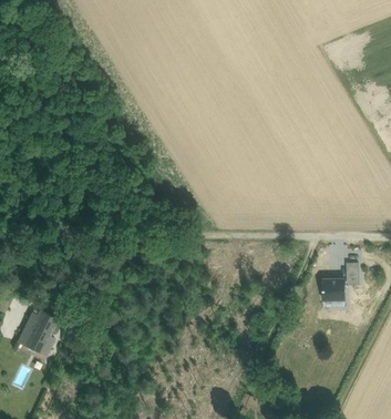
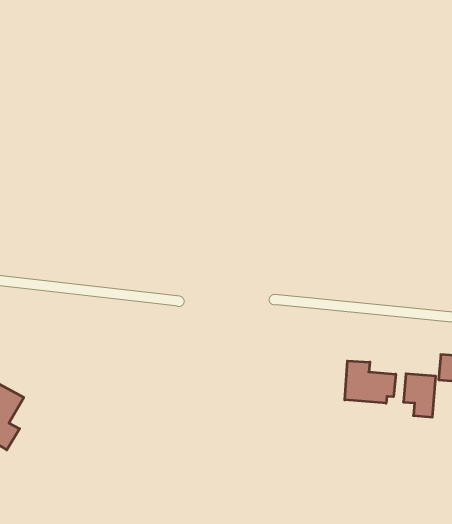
building: none -> [345,361,396,403]

